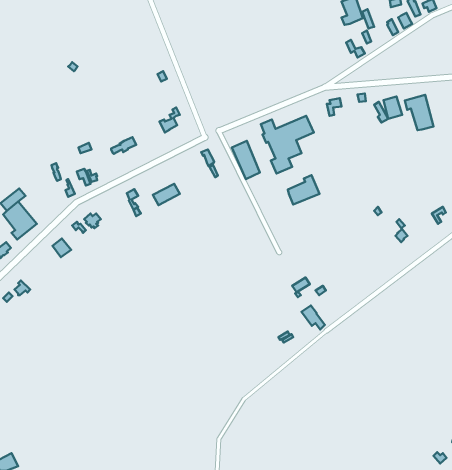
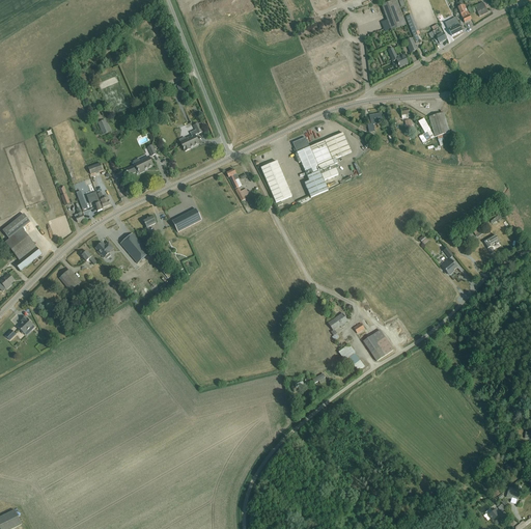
building: [405,95,433,130] -> none
building: [288,175,319,204] -> none
building: none -> [119,232,148,262]
building: none -> [363,329,392,360]

